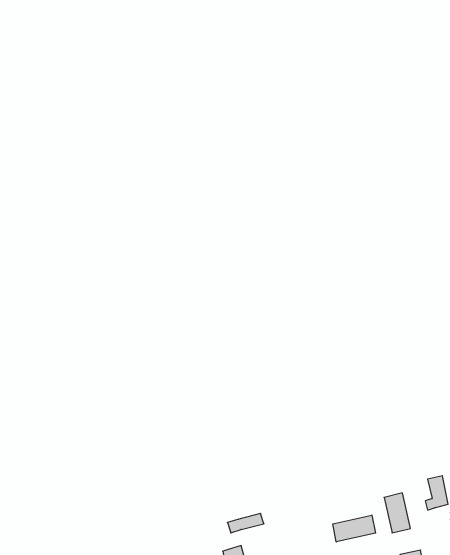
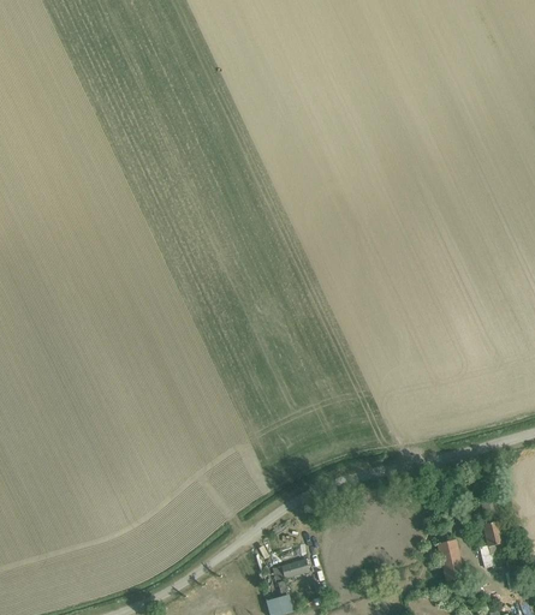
building: [333,515,376,542] -> none

